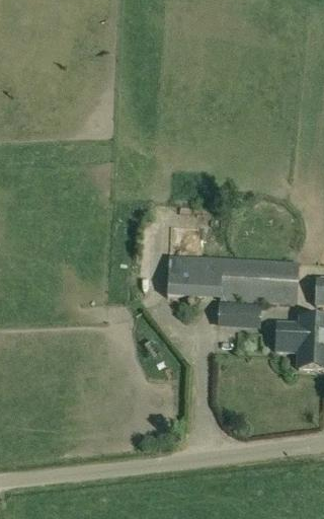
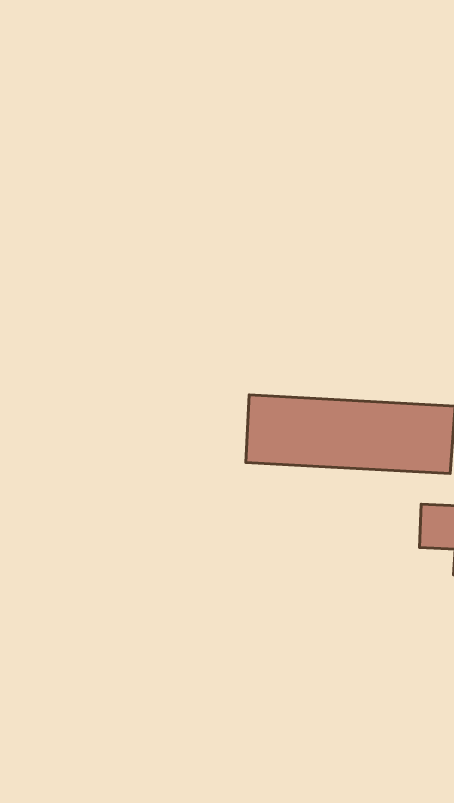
building: [217,301,260,328] -> none

